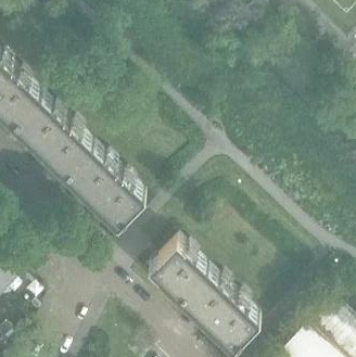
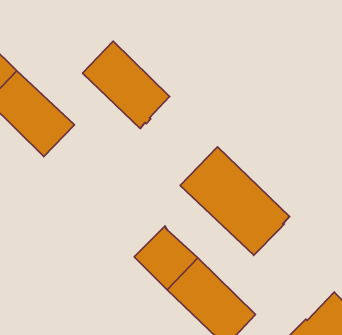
building: [61,148,141,228] -> [83,41,170,128]
building: none -> [180,147,290,255]

